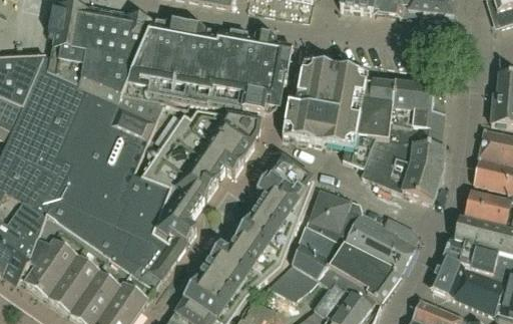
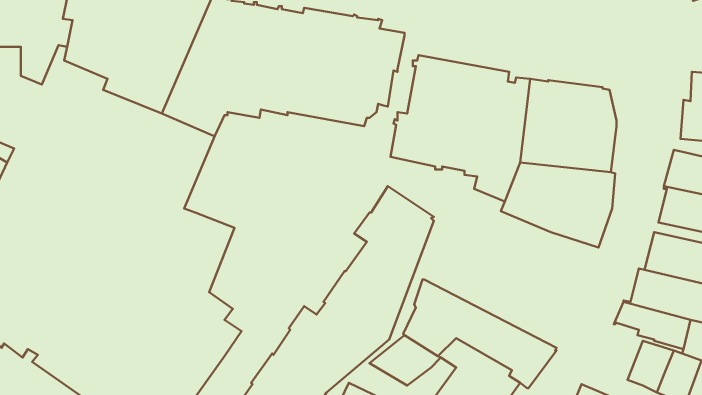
building: [141,107,262,260] -> none
building: [306,187,417,272] -> none
building: [430,255,464,295] -> none

